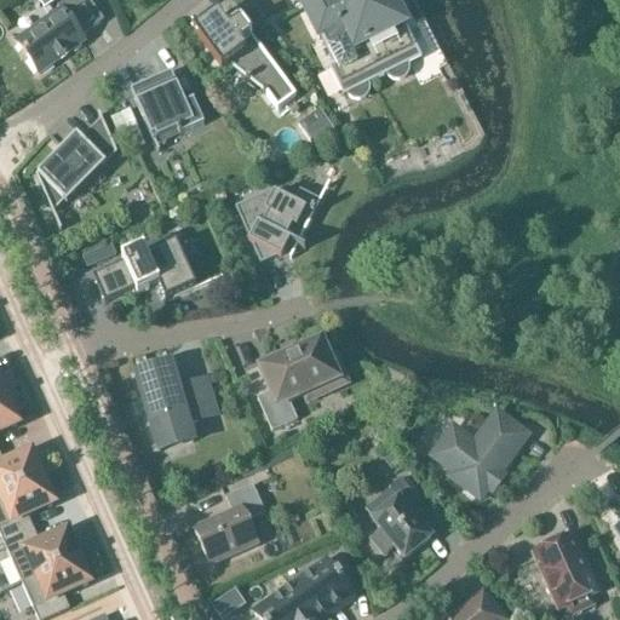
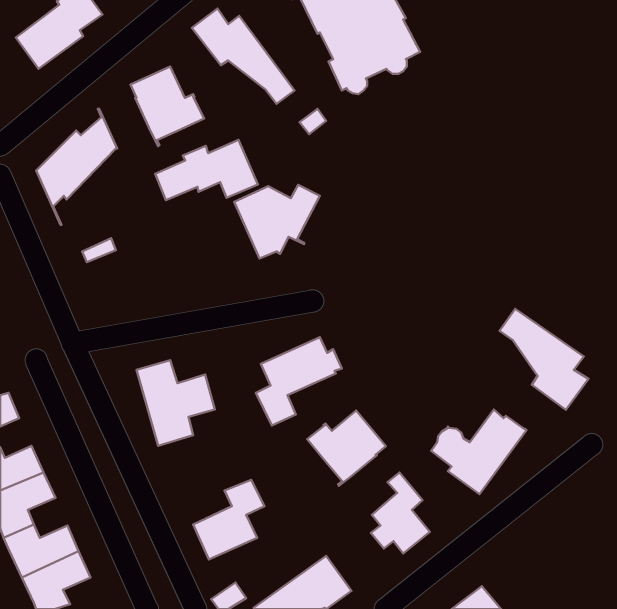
building: [93,237,196,298] -> [155,140,258,200]
building: none -> [500,309,588,410]
building: none -> [307,411,386,486]
building: [533,538,598,604] -> none

